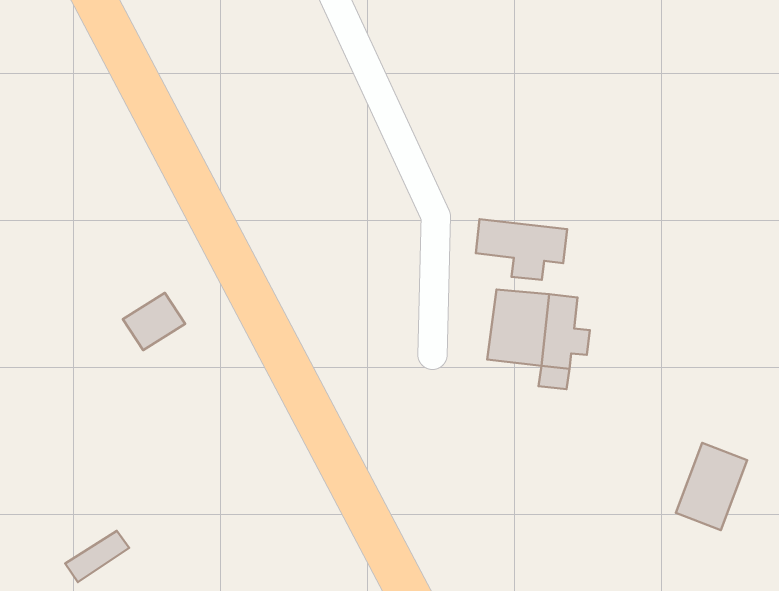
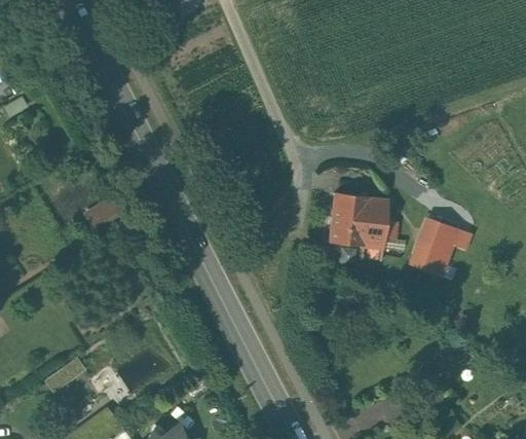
building: [476,219,567,280] -> none
building: [676,443,747,530] -> [412,220,459,278]

